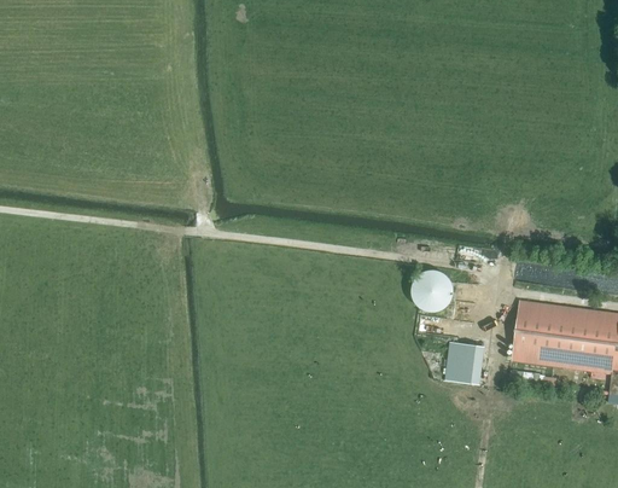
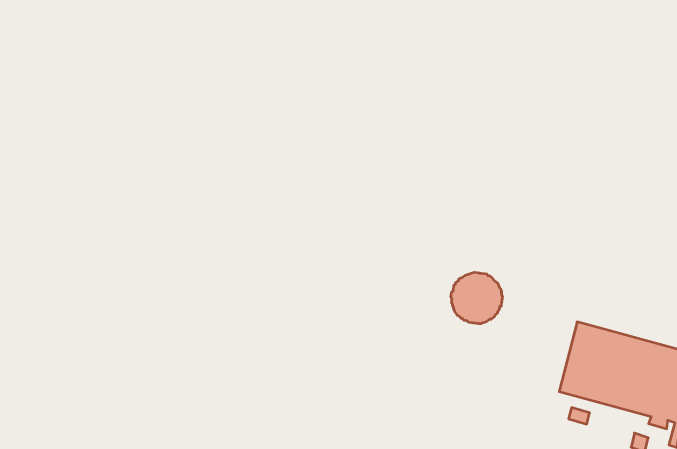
building: [444,341,484,384] -> none

